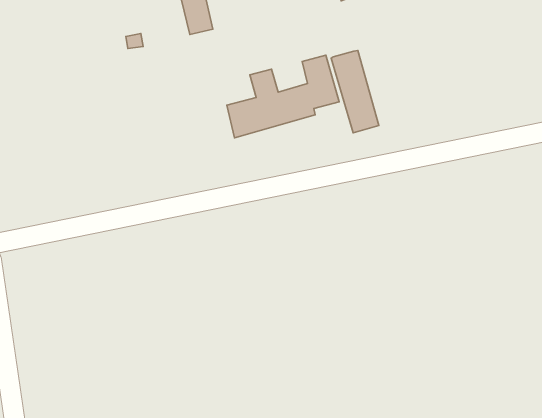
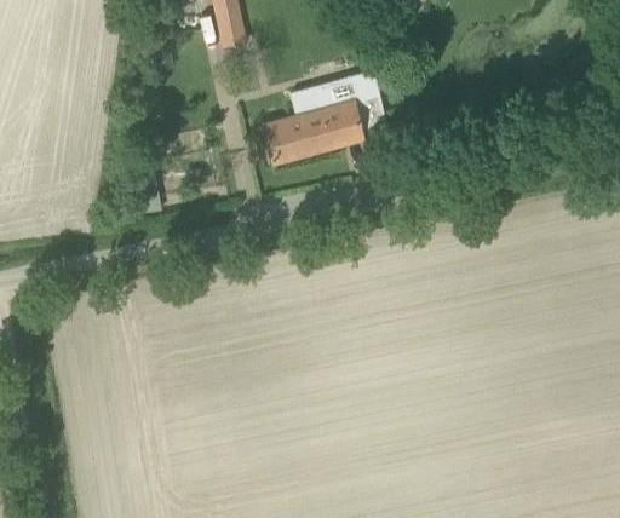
building: [331,50,379,133] -> none

